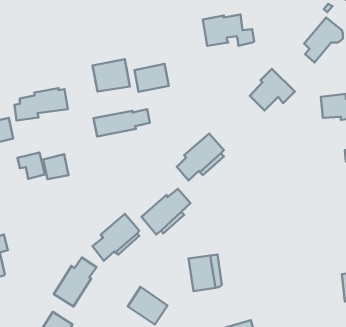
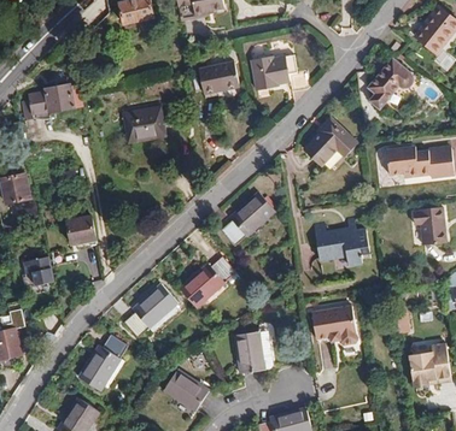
building: [134,64,169,92] -> [198,61,238,94]
building: [15,88,68,121] -> [21,83,82,120]
building: [94,109,150,136] -> none
building: [18,153,45,179] -> [21,256,52,287]
building: none -> [312,218,369,266]
building: none -> [311,306,359,344]

